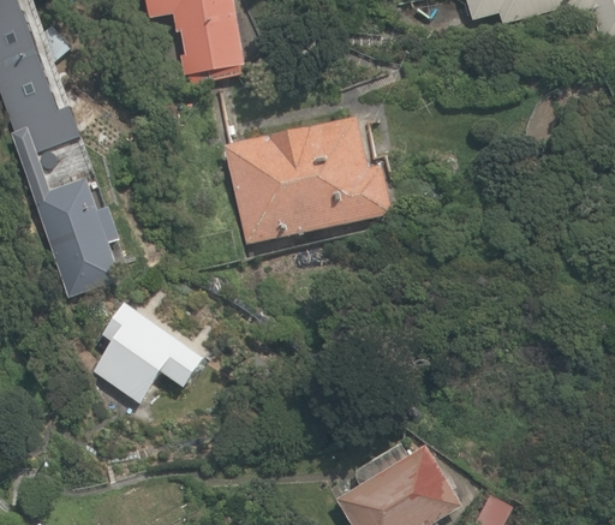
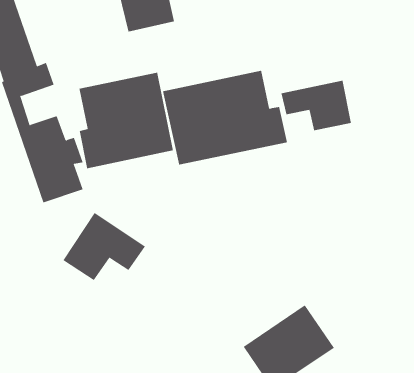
building: none -> [79,72,173,169]
building: none -> [281,80,352,131]

